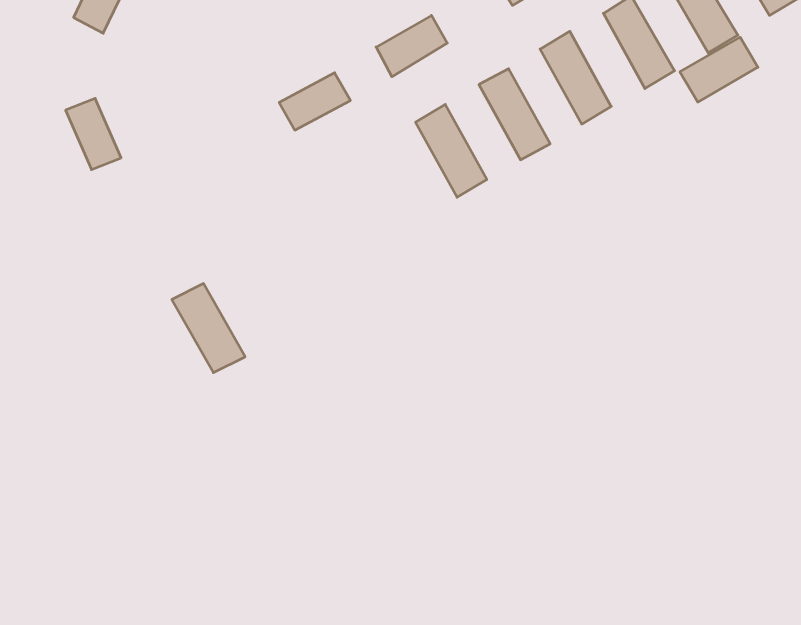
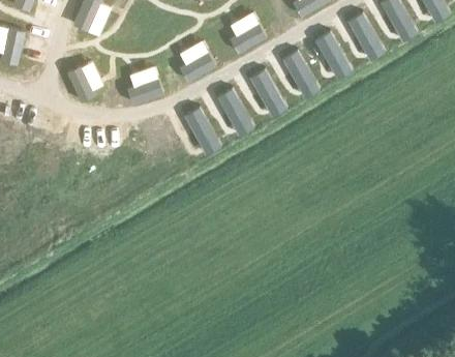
building: [680,37,758,102] -> none
building: none -> [125,78,162,105]
building: none -> [216,88,253,135]
building: [172,284,245,373] -> [183,107,221,153]

